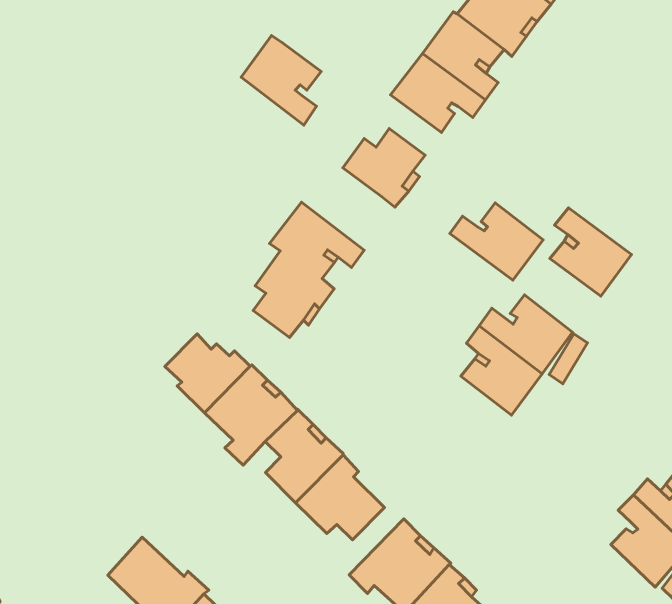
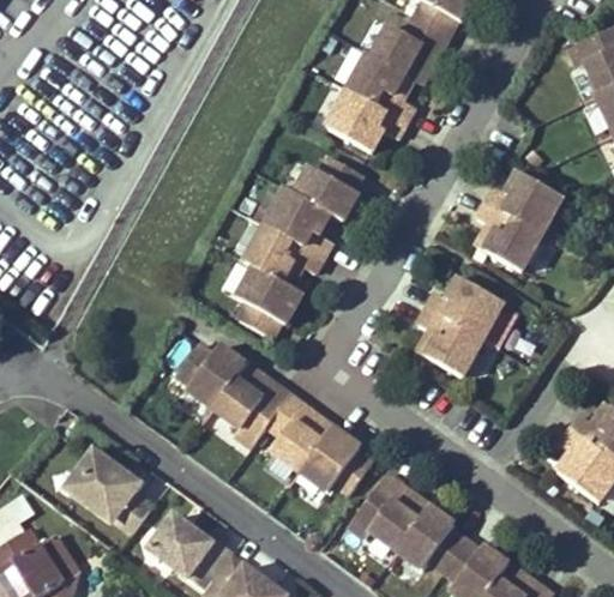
building: [241,36,321,125] -> [267,187,332,257]
building: [450,203,543,280] -> [486,170,562,231]
building: none -> [68,448,151,532]

